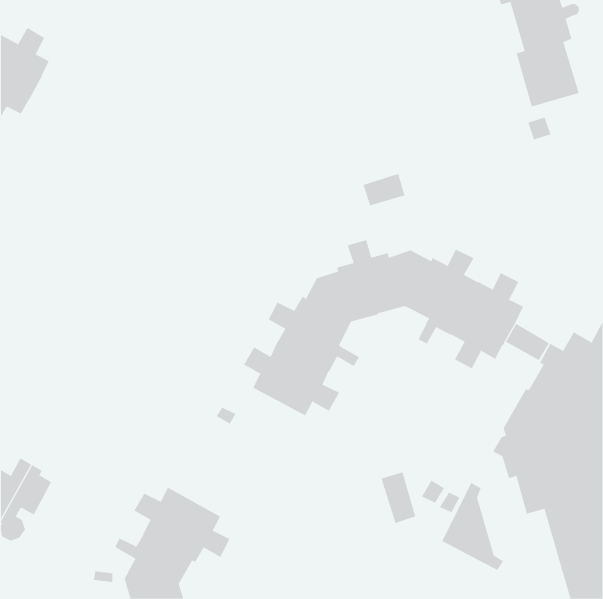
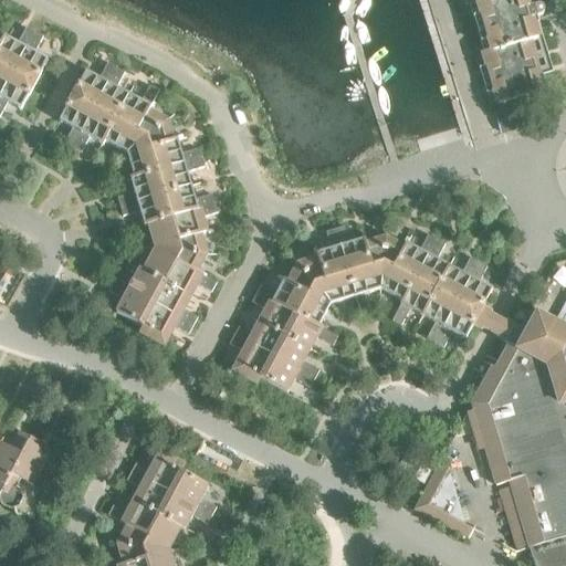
building: none -> [59,61,217,337]
building: [363,173,405,206] -> none
building: [381,472,416,524] -> none

